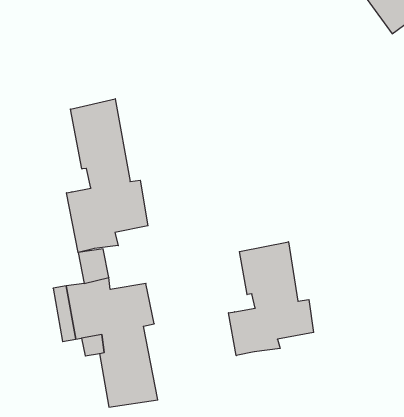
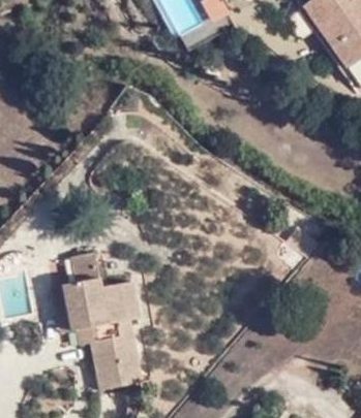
building: [67,99,148,253] -> none
building: [229,242,314,356] -> none

